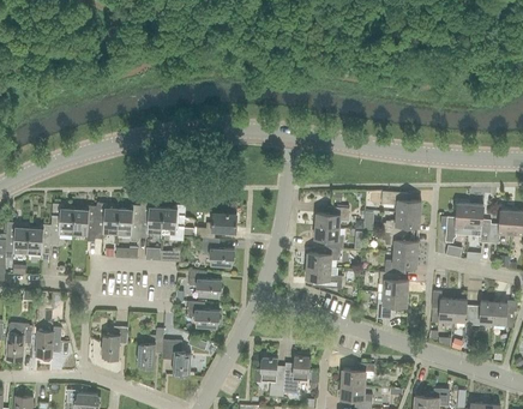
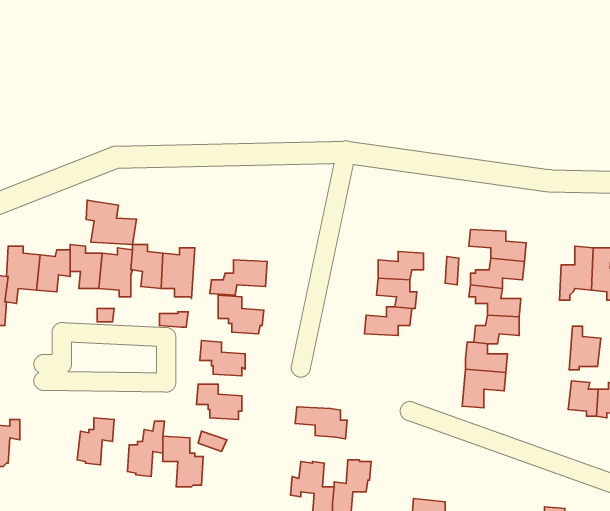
building: none -> [86,200,136,245]
building: [305,266,342,289] -> [295,407,347,439]
building: [431,291,453,323] -> [569,326,601,370]
building: [341,363,374,386] -> none

